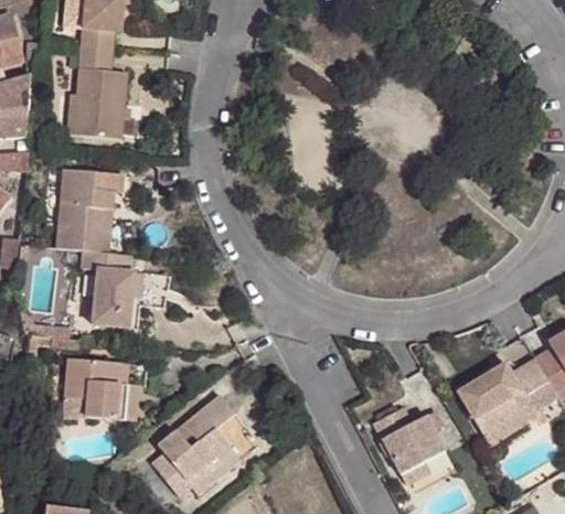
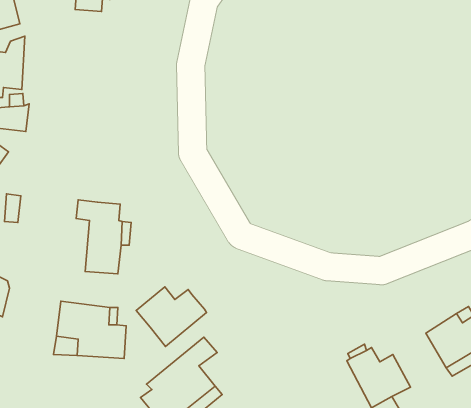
building: [67,43,122,138] -> none
building: [55,170,121,250] -> none
building: none -> [136,287,207,346]

